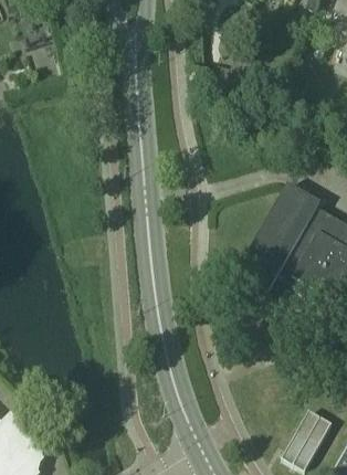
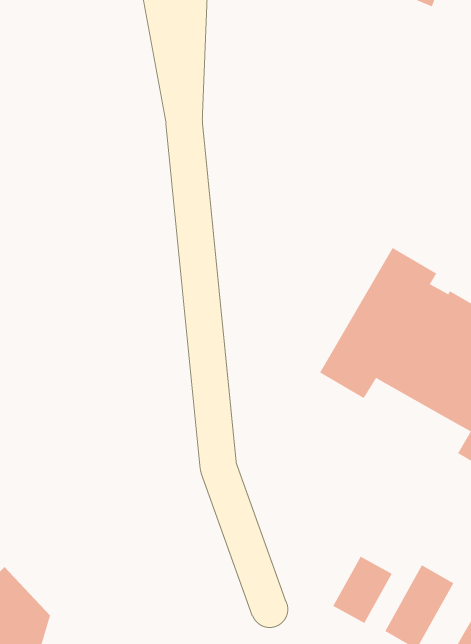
building: none -> [332,556,393,624]

